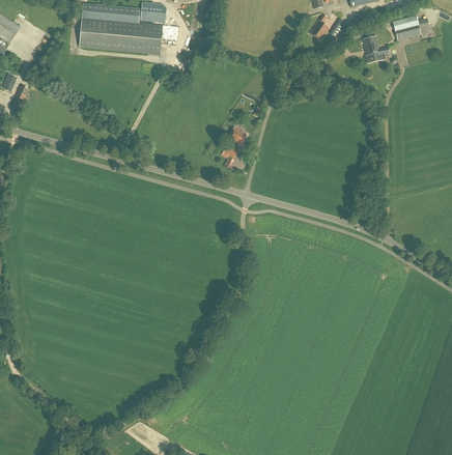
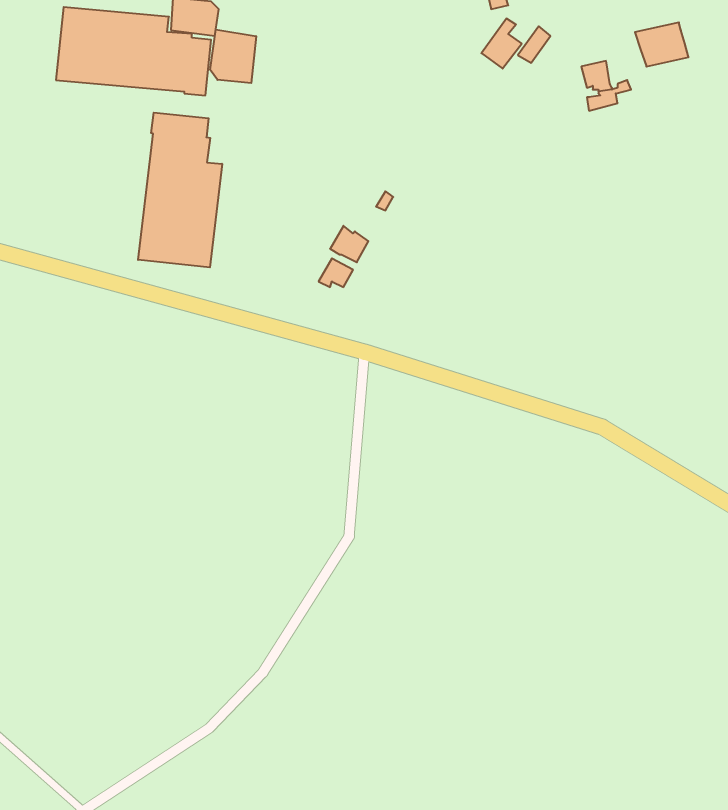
building: none -> [210,29,256,83]
building: none -> [138,113,222,267]

